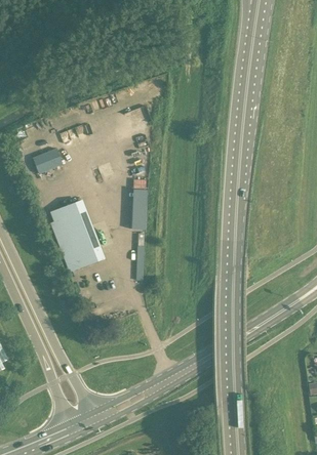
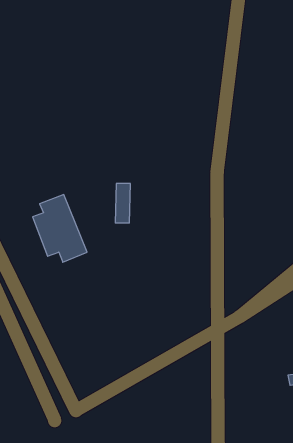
building: [32,148,63,173] -> none

